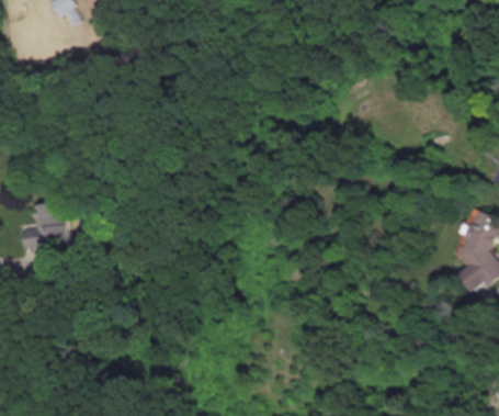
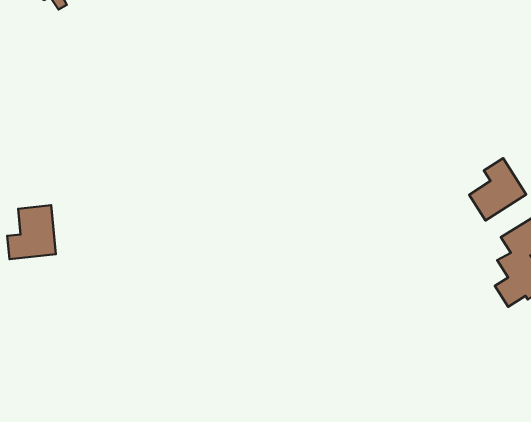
building: none -> [469,158,526,221]

